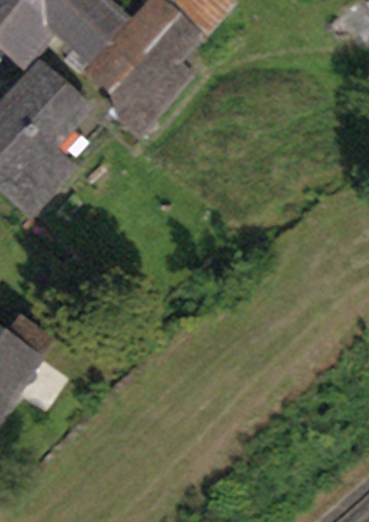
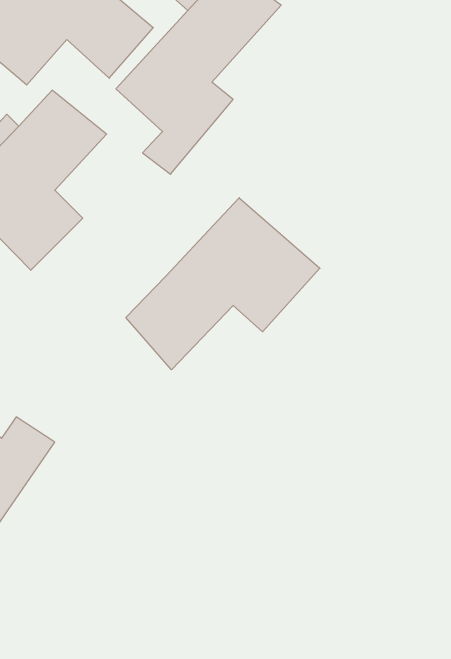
building: none -> [126,198,320,370]

